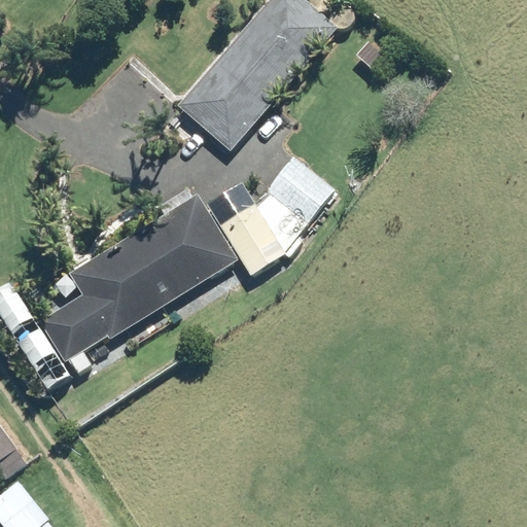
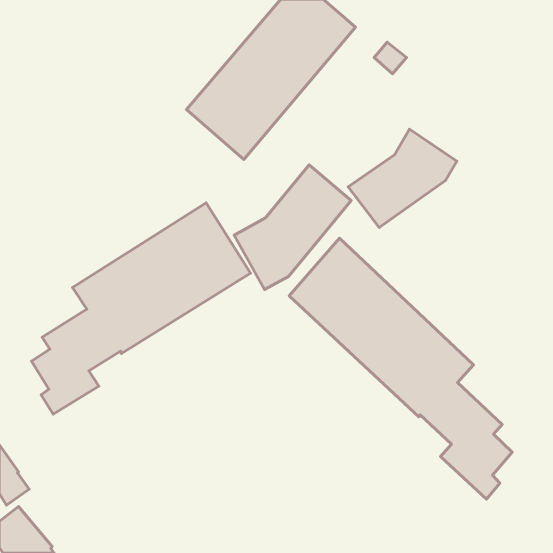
building: none -> [348,129,457,227]
building: none -> [289,238,512,499]

